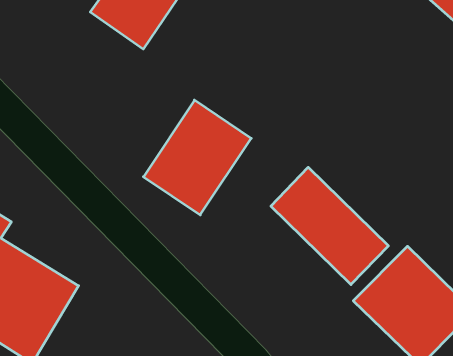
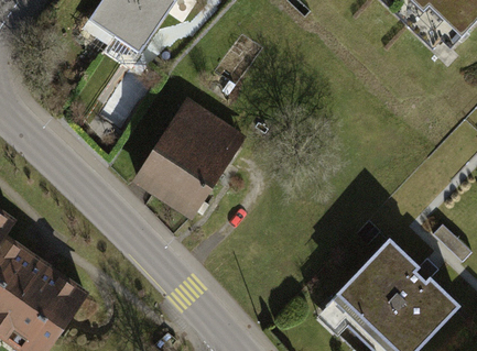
building: [271,167,388,285] -> none

